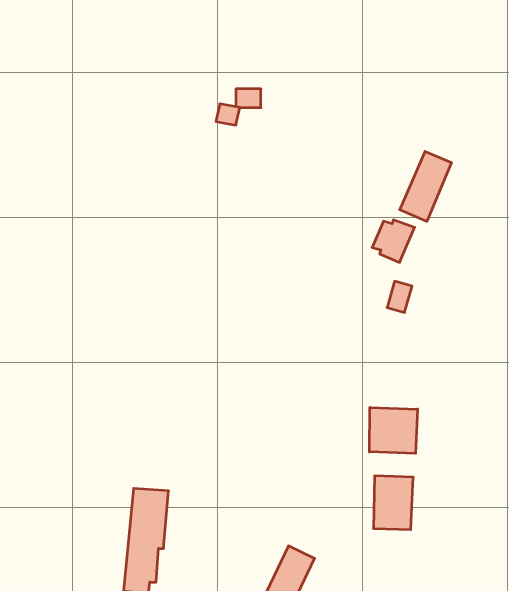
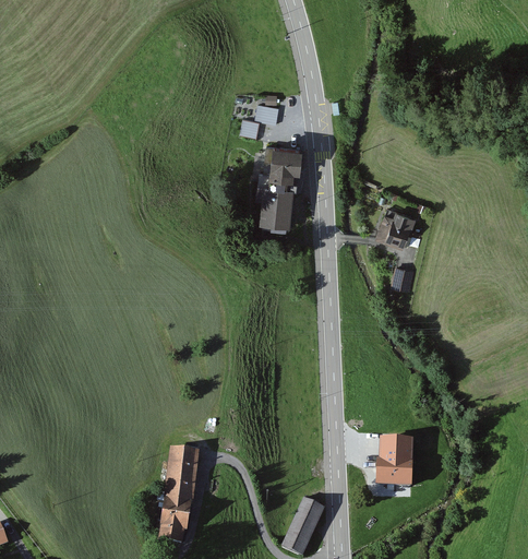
building: none -> [256,145,303,227]
building: [400,151,451,221] -> none
building: [369,407,418,453] -> none

